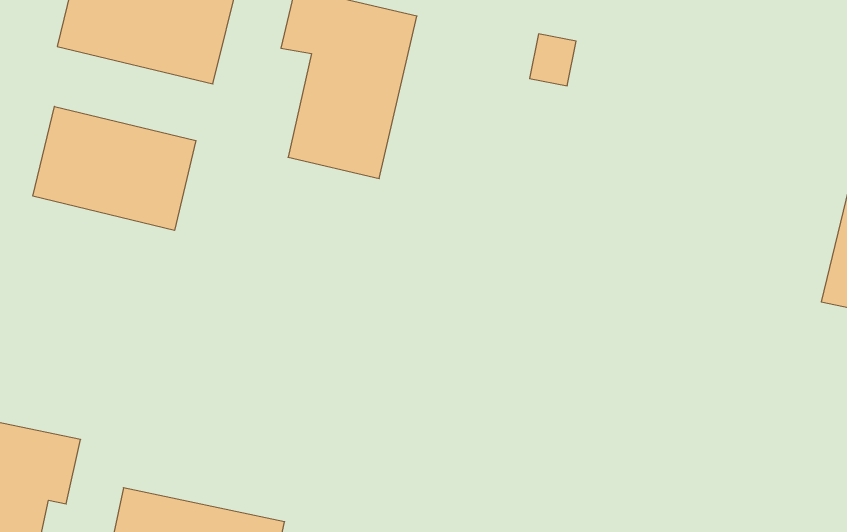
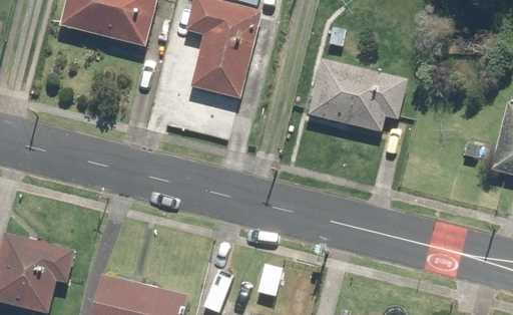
building: none -> [309,58,410,131]
building: [33,106,196,230] -> none

